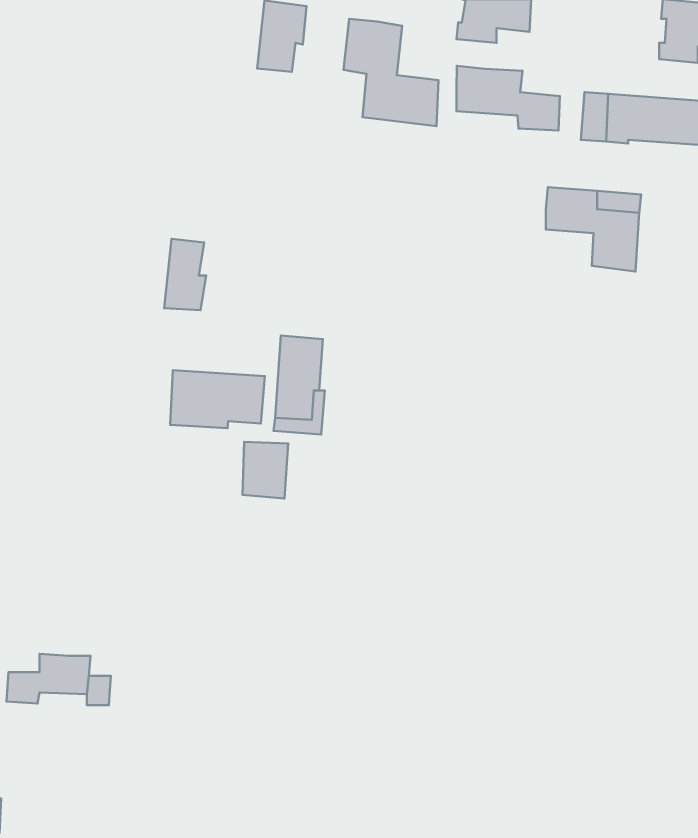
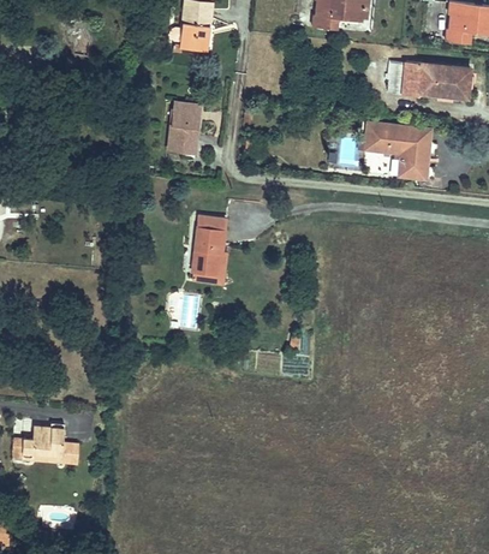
building: [344,19,438,126] -> none
building: [456,66,560,131] -> none
building: [164,239,206,310] -> [166,107,193,154]
building: [170,370,265,428] -> none

